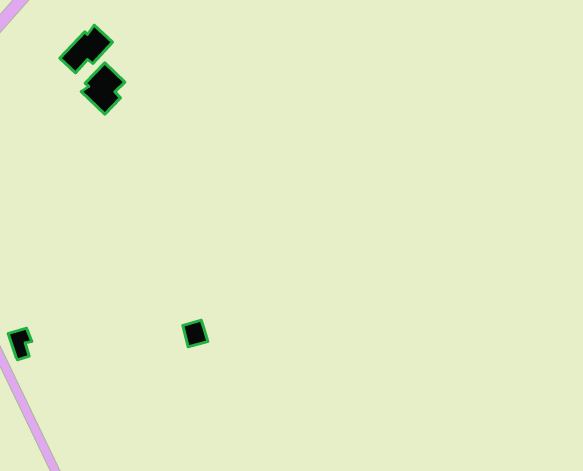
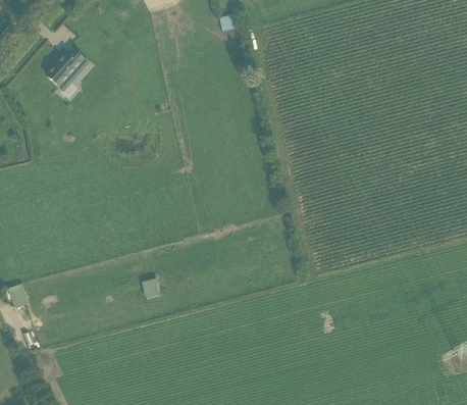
building: [81,63,125,114] -> none

